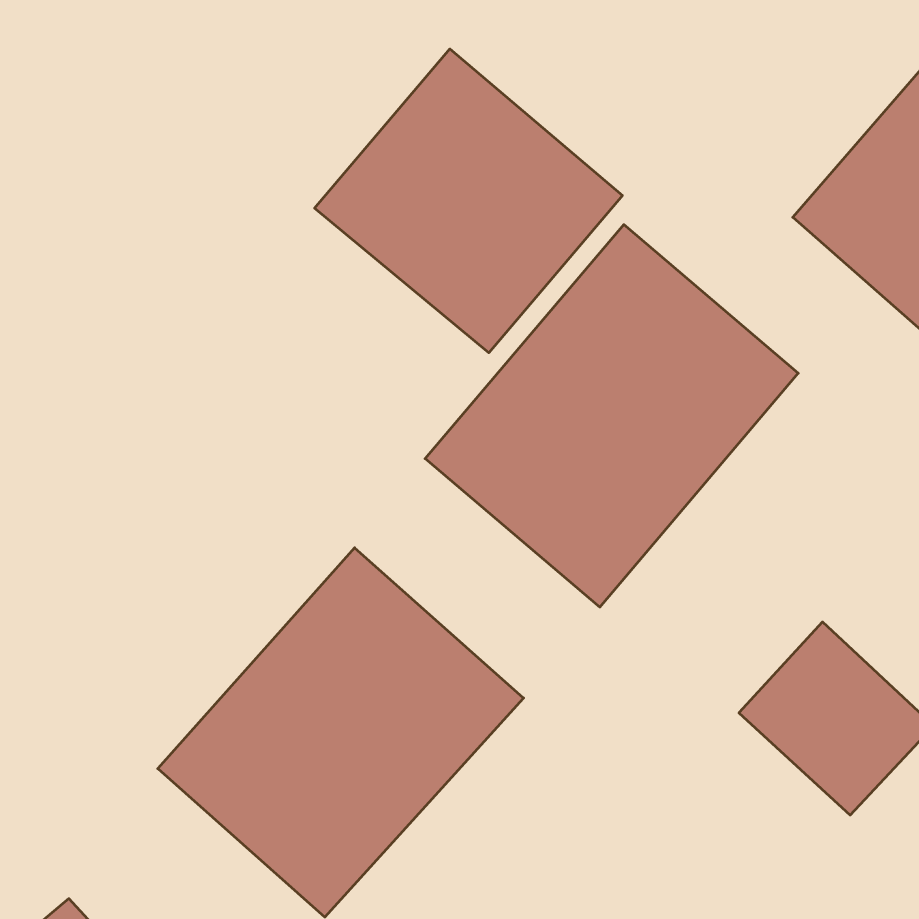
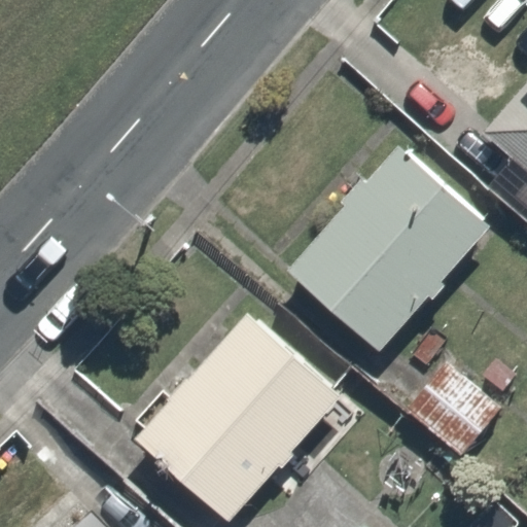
building: [315,49,622,353] -> none

